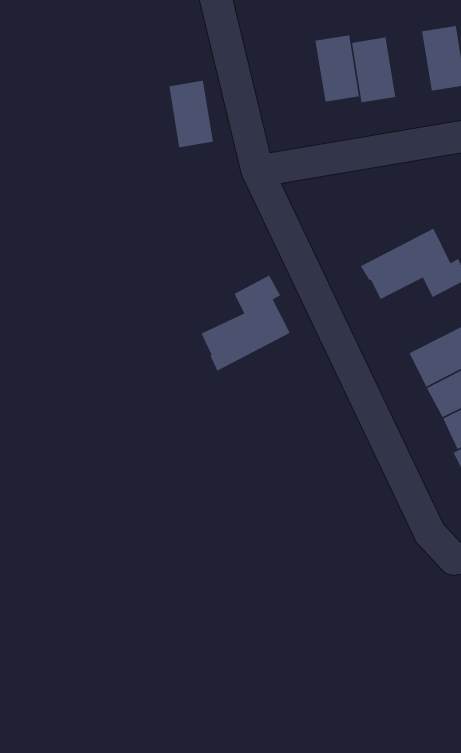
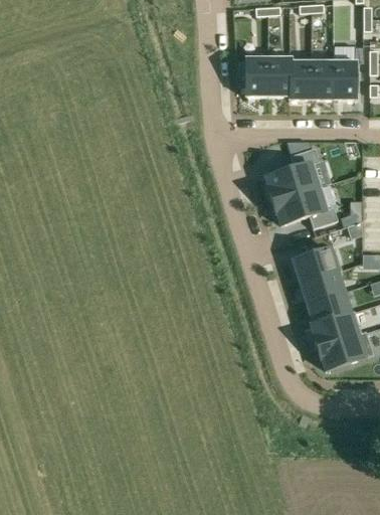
building: none -> [312,61,334,100]
building: [168,80,214,148] -> [245,56,267,96]
building: [201,274,291,372] -> [266,145,322,199]

